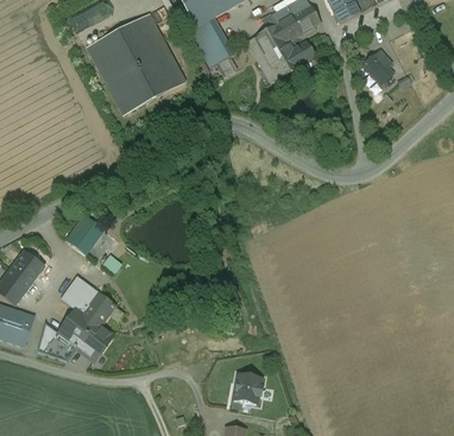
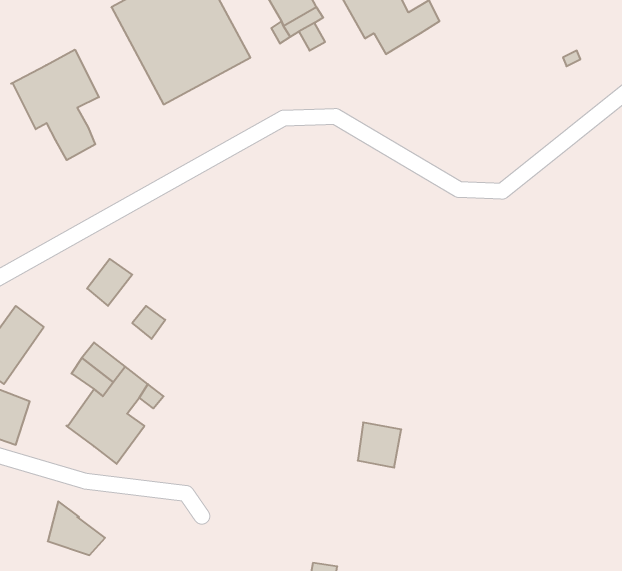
building: [364,51,392,83] -> none
building: none -> [11,50,99,160]
building: [38,322,77,359] -> [48,501,105,555]
building: [233,373,263,404] -> [358,422,401,468]

